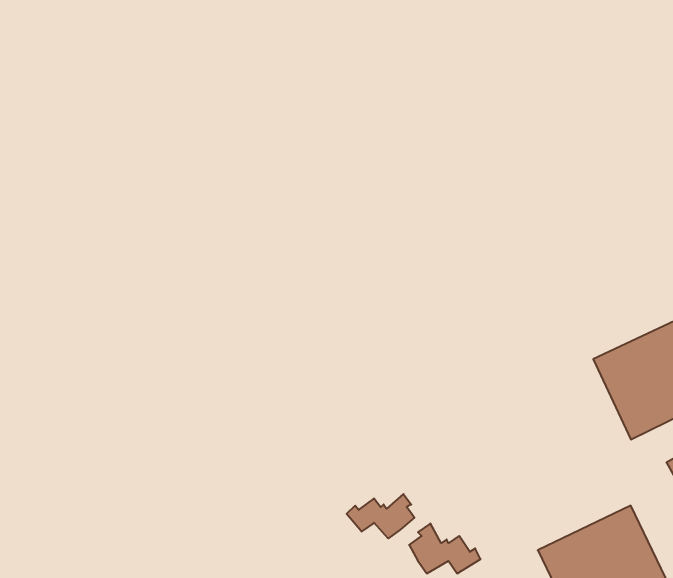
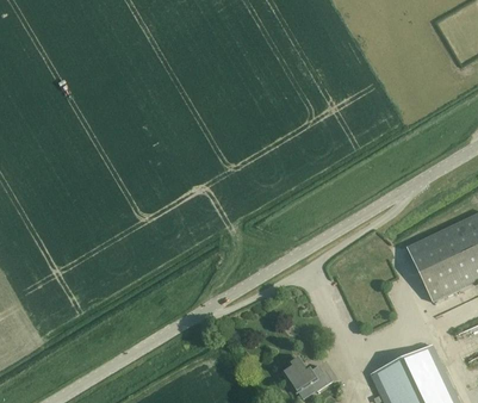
building: [347,494,414,538] -> none

